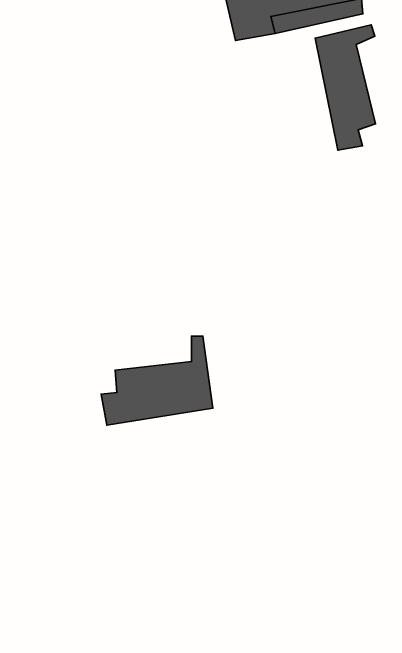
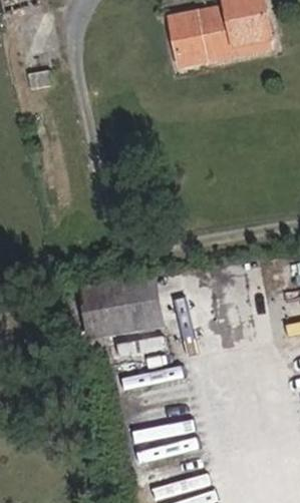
building: [315,25,375,150] -> none
building: none -> [78,275,147,316]

